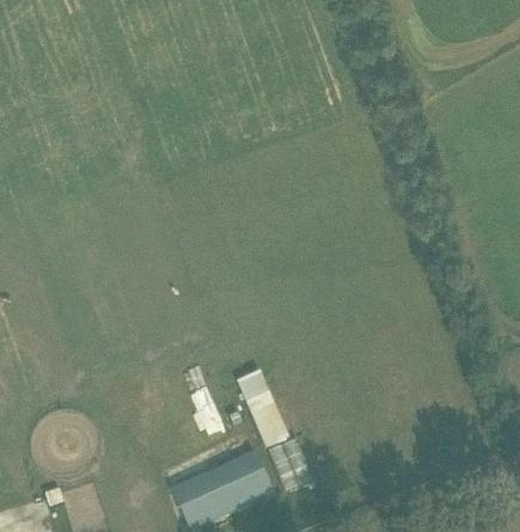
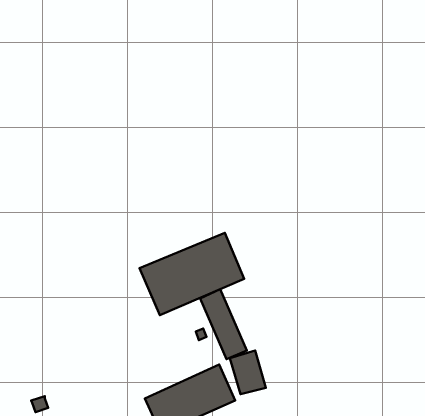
building: none -> [140,233,244,315]

